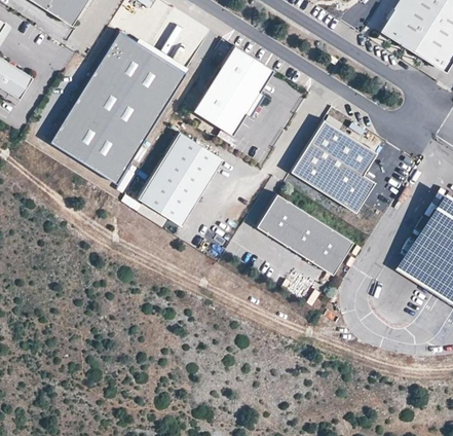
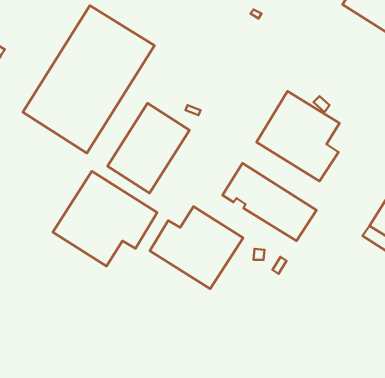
building: [192,45,273,136] -> none
building: none -> [53,171,157,266]
building: none -> [150,206,243,289]

